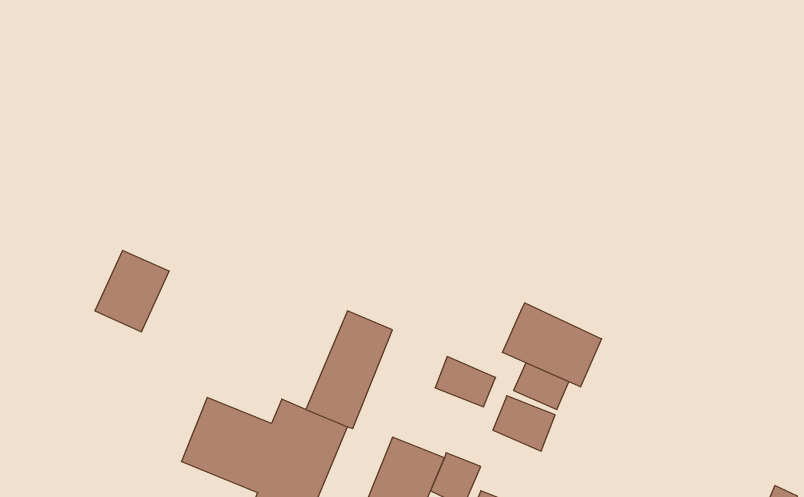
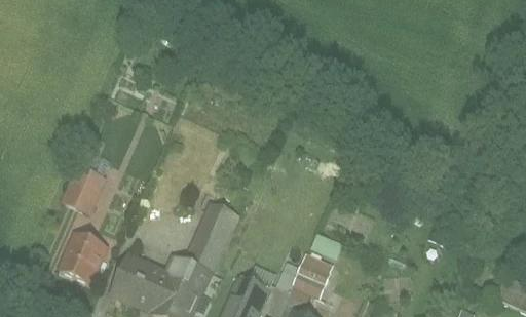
building: [502,303,602,387] -> none
building: [435,357,496,407] -> [290,272,326,302]
building: none -> [58,231,107,283]

